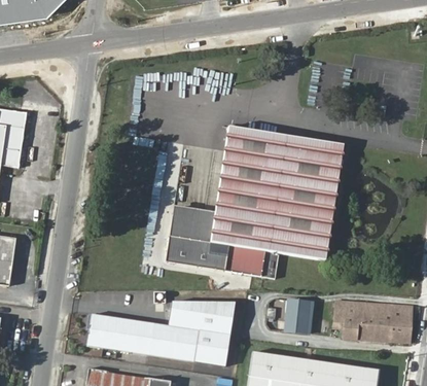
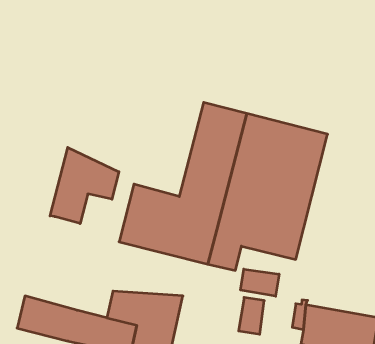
building: none -> [50,147,119,224]
building: none -> [241,269,279,296]

